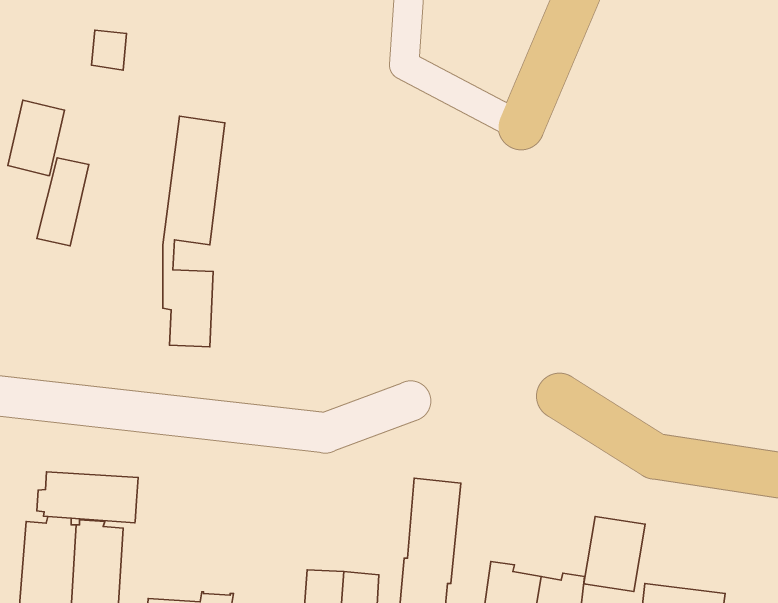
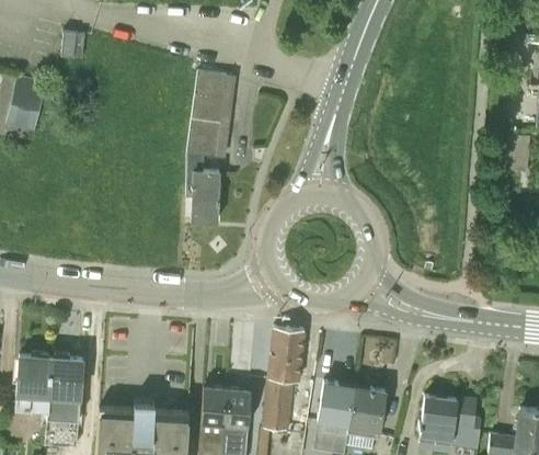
building: [163,116,225,347] -> [187,72,228,224]
building: [37,158,89,246] -> none
building: [37,472,138,523] -> none
building: [584,516,645,591] -> none

